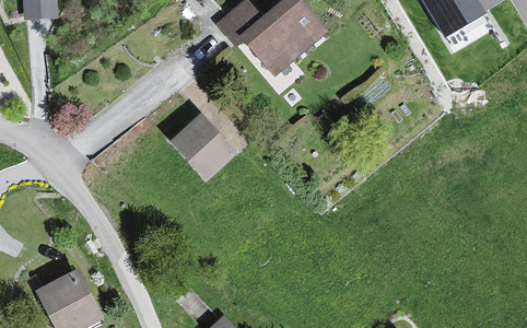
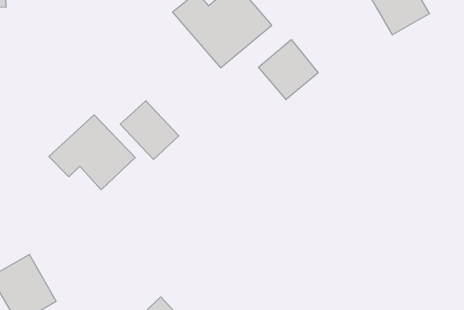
building: none -> [259,40,318,100]
building: none -> [49,115,135,190]

